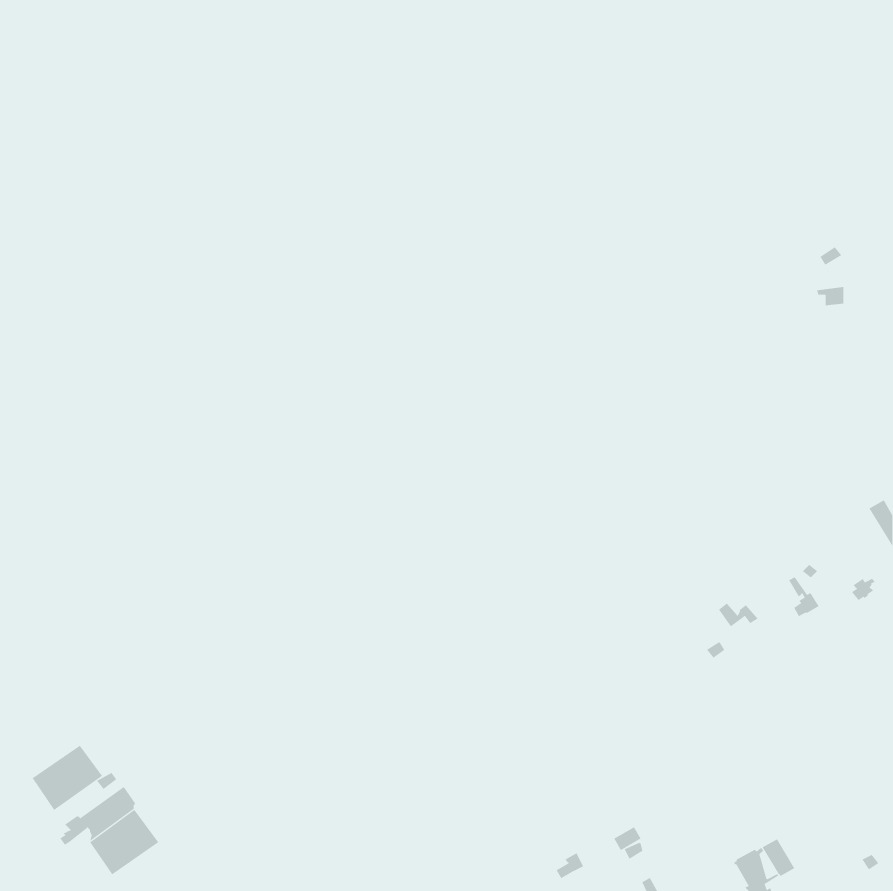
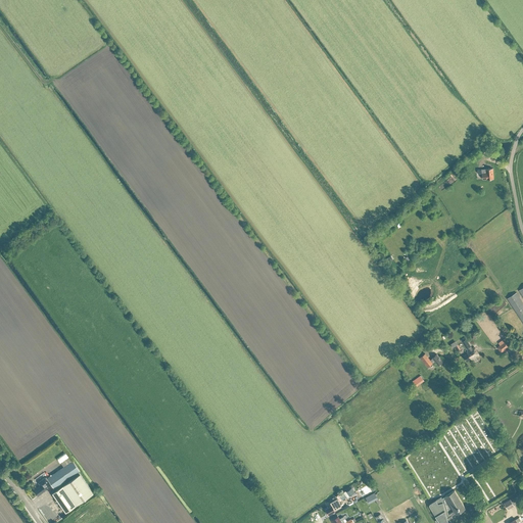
building: [32,745,103,811] -> none

